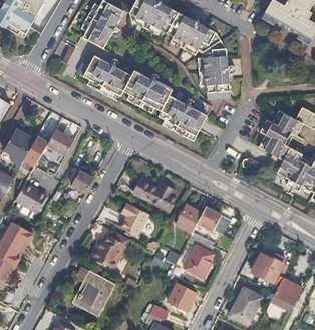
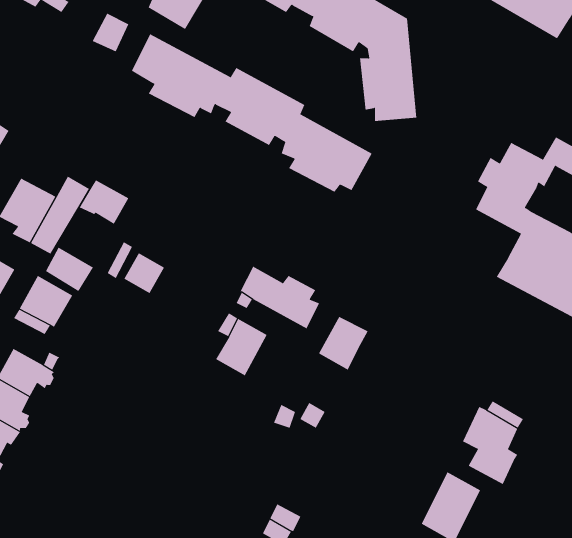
building: [198,205,231,233] -> none
building: [91,227,129,267] -> none
building: [185,230,214,276] -> none
building: [77,268,115,314] -> none
building: [271,280,303,310] -> none
building: [168,282,196,309] -> none

